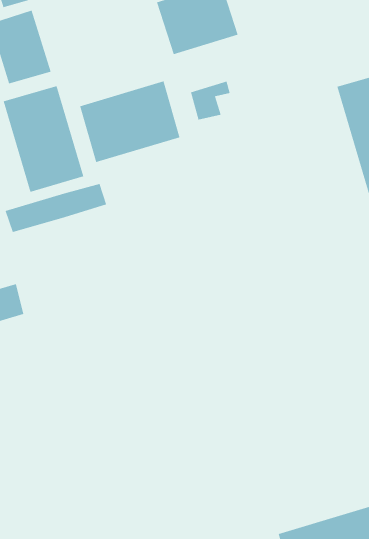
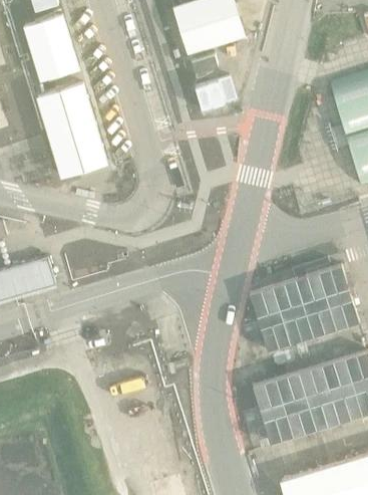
building: [79,81,180,163] -> none
building: [5,183,107,233] -> none

